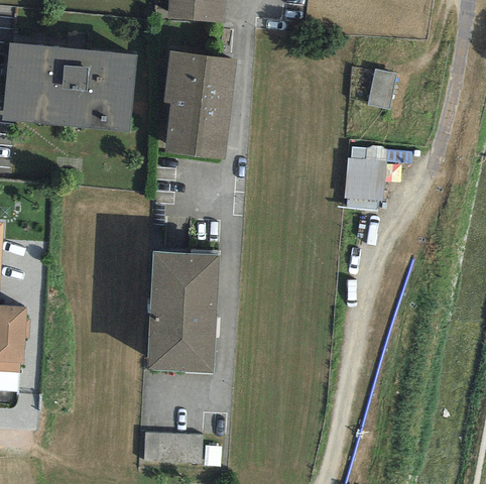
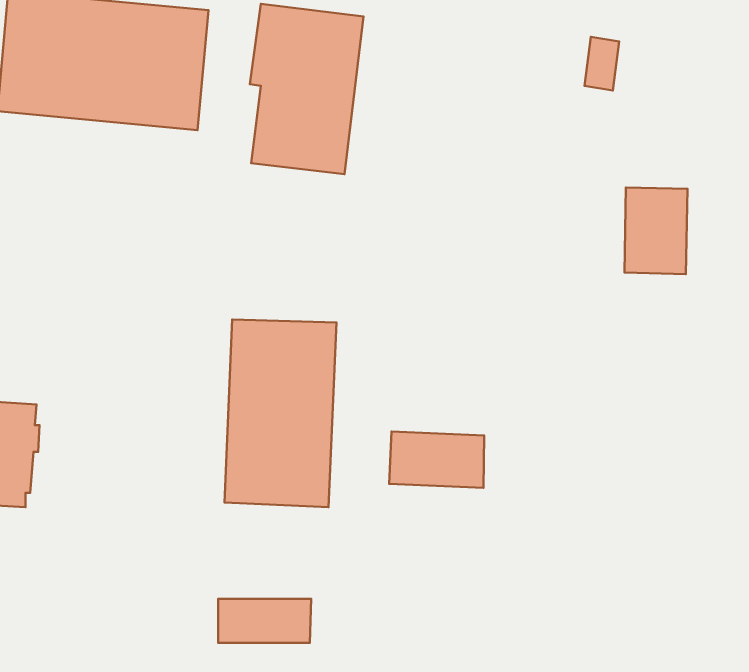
building: [344,143,384,199] -> [624,187,688,274]
building: none -> [389,431,484,488]

